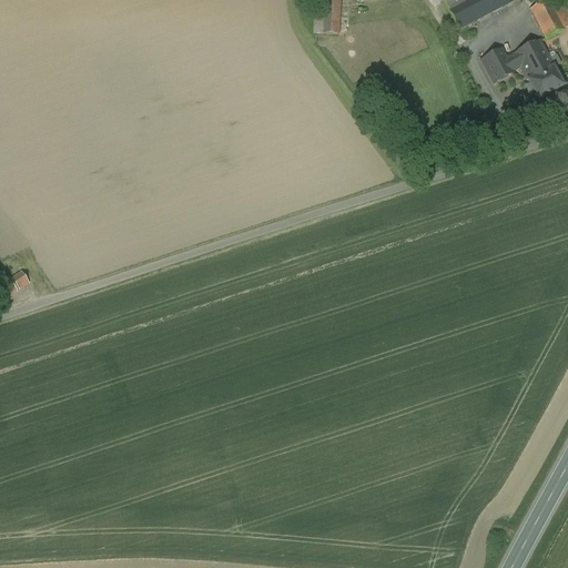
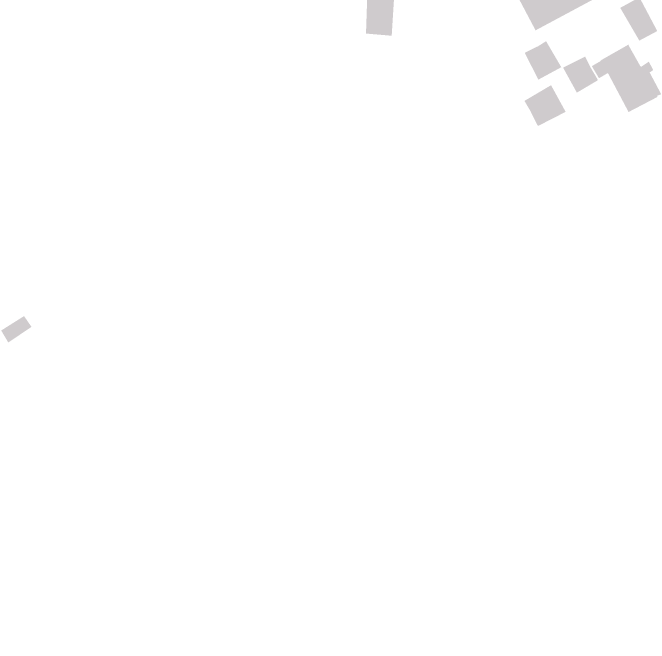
building: none -> [524,40,562,81]
building: none -> [523,84,566,127]

